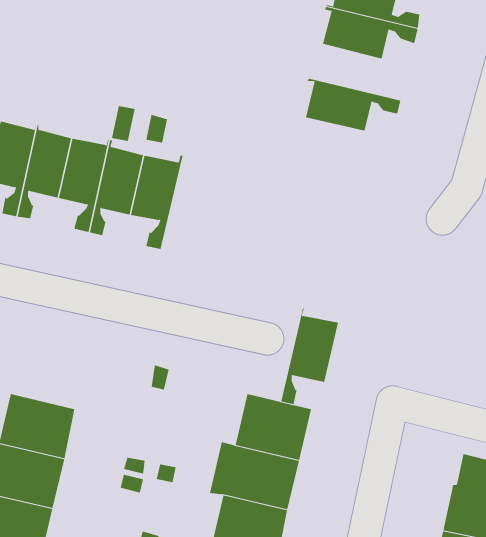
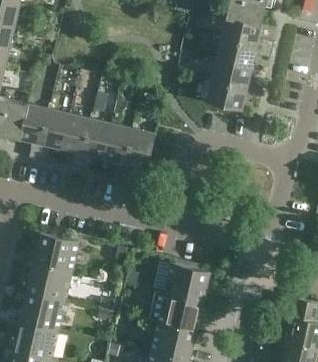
building: none -> [207,59,263,92]
building: [280,307,339,405] -> [121,124,155,181]
building: none -> [33,233,78,272]

